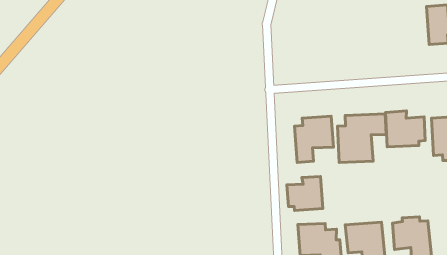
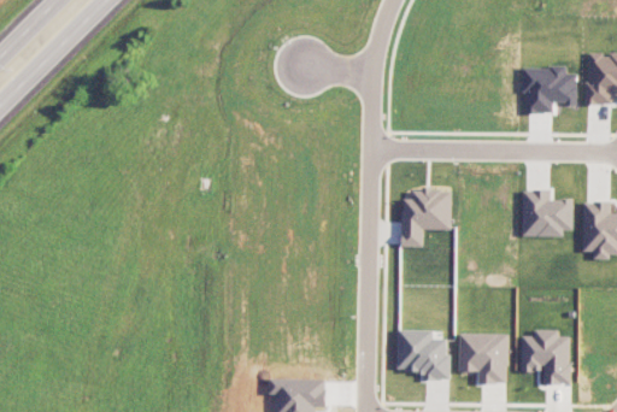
building: none -> [524,66,577,113]
building: [338,114,386,163] -> none
building: [287,177,323,211] -> none

